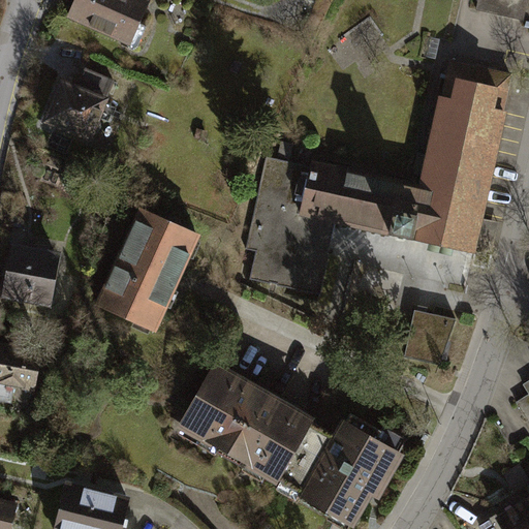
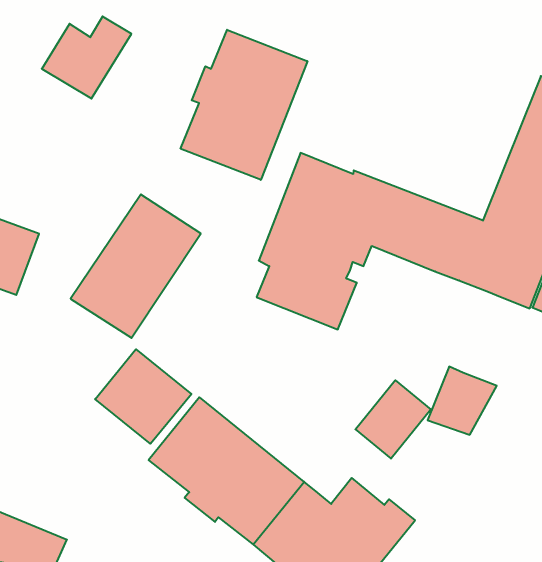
building: none -> [181,30,307,180]
building: none -> [355,380,431,459]
building: none -> [95,349,191,444]

